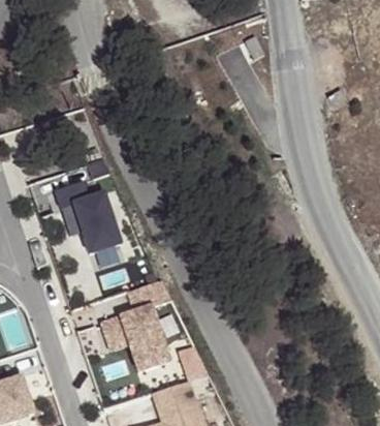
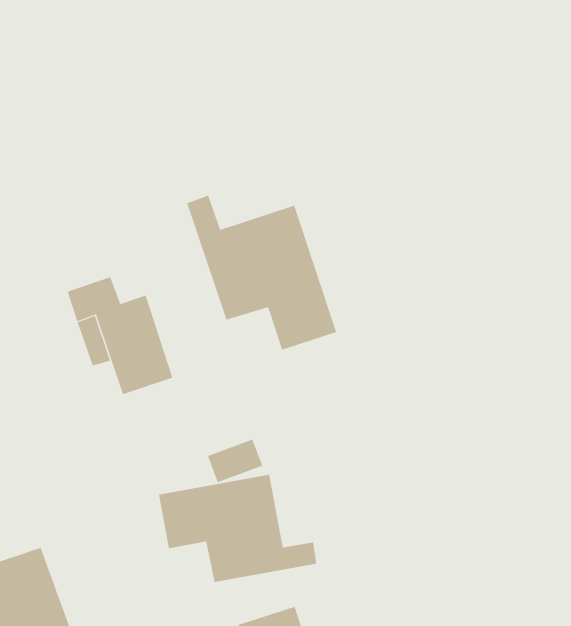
building: none -> [187,195,337,350]

